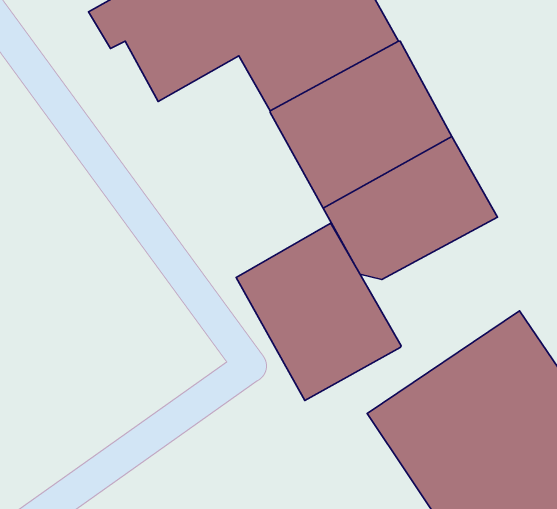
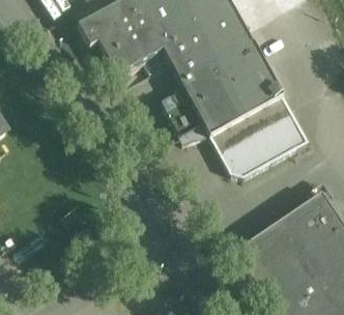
building: [236,224,401,401] -> none

